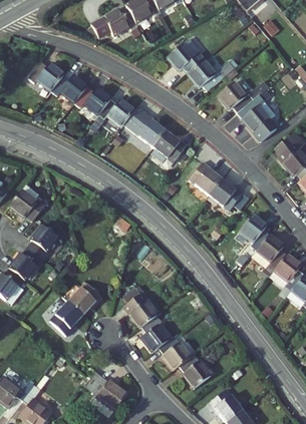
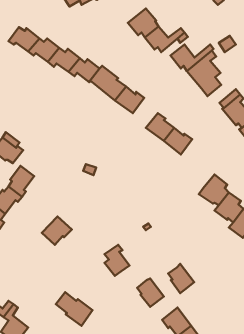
building: [240,214,269,249] -> none
building: [122,284,157,327] -> none
building: [49,301,82,335] -> none
building: [160,335,190,369] -> [168,264,194,293]

